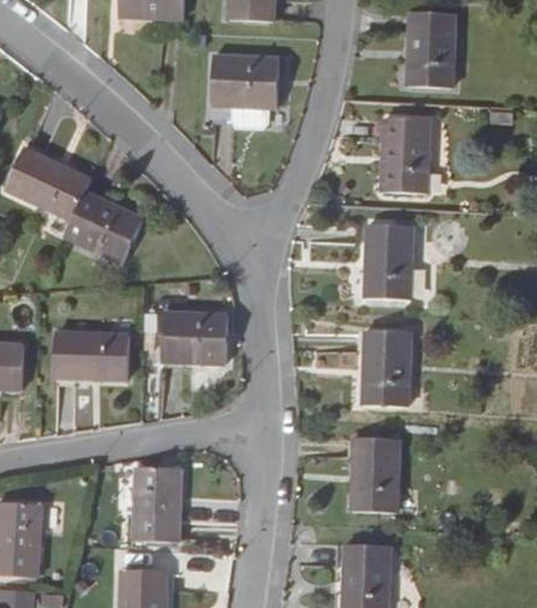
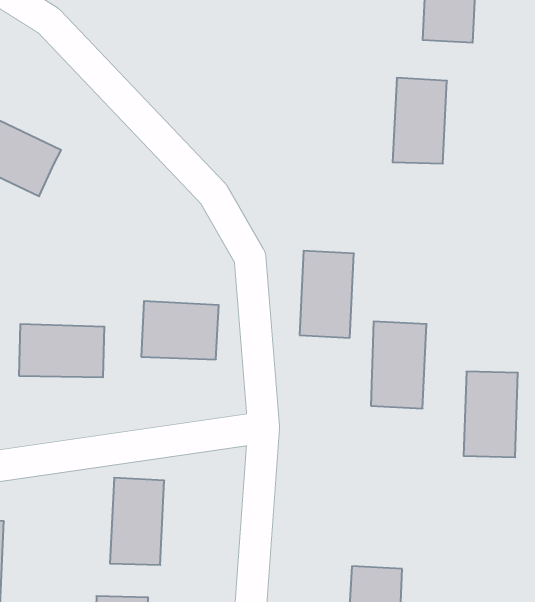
building: [210,56,280,127] -> none
building: [64,192,144,262] -> none
building: [365,224,412,300] -> [300,251,354,338]
building: [350,437,398,512] -> [464,372,518,457]

